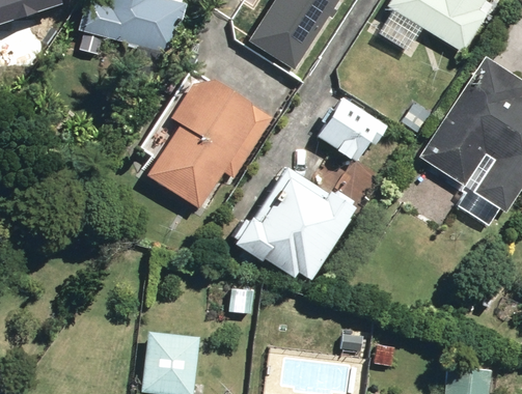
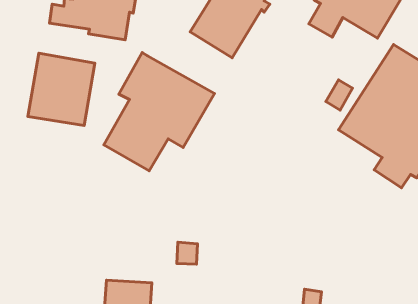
building: none -> [28,53,95,126]
building: [318,96,389,164] -> none
building: [228,168,355,284] -> none

